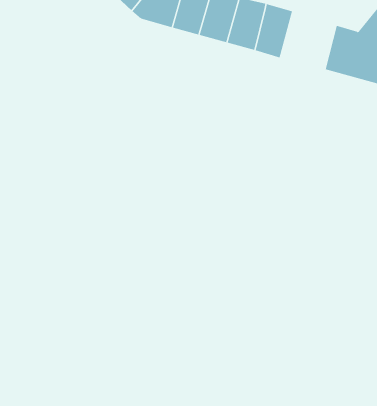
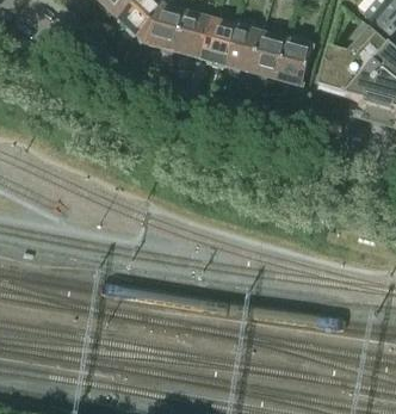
building: none -> [277,35,314,86]

